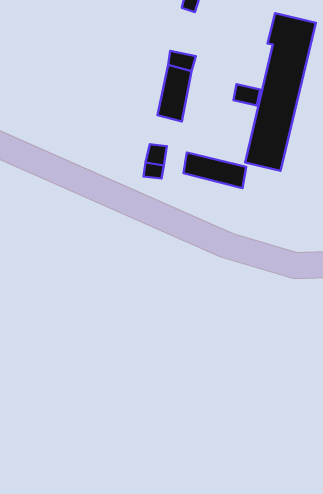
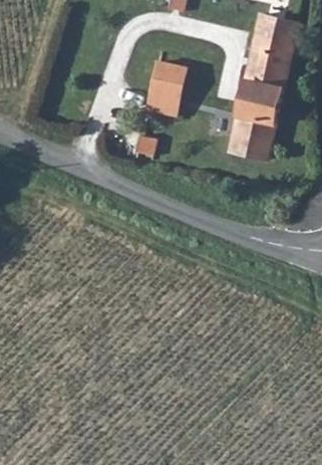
building: [184,153,246,188] -> none

